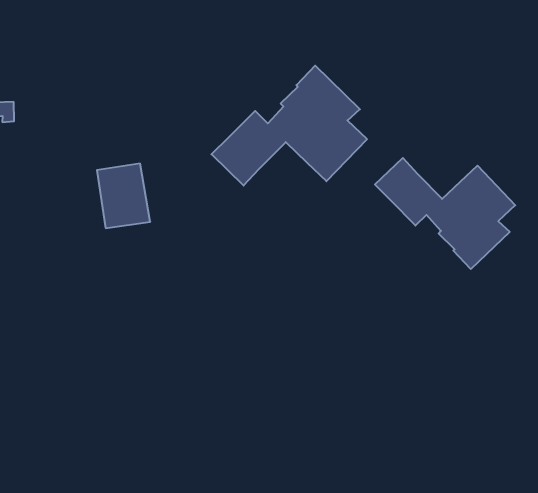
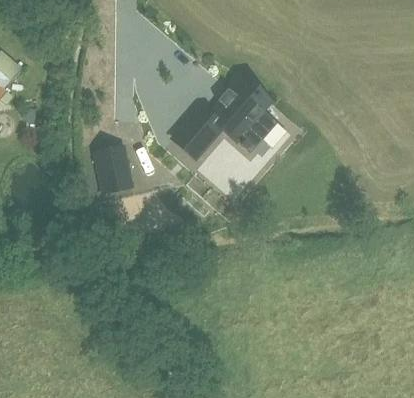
building: [375,158,515,269] -> none

